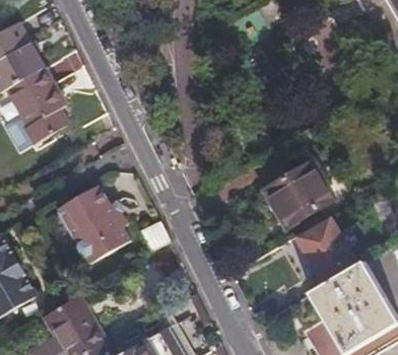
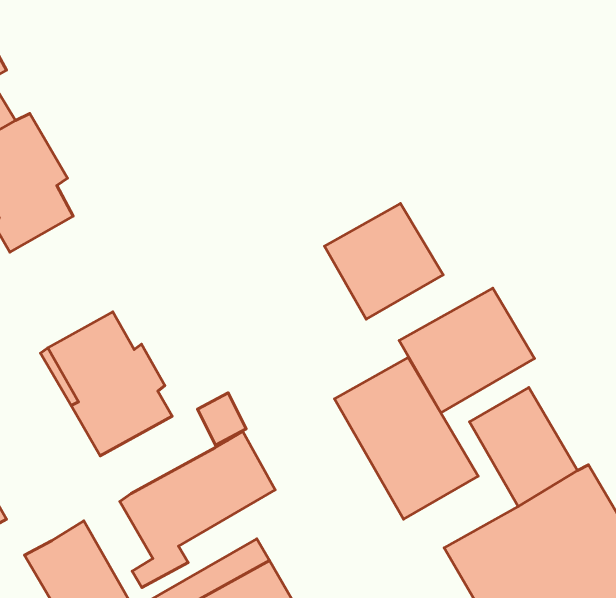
building: none -> [324,203,443,319]
building: none -> [334,358,478,519]
building: none -> [120,432,275,588]

